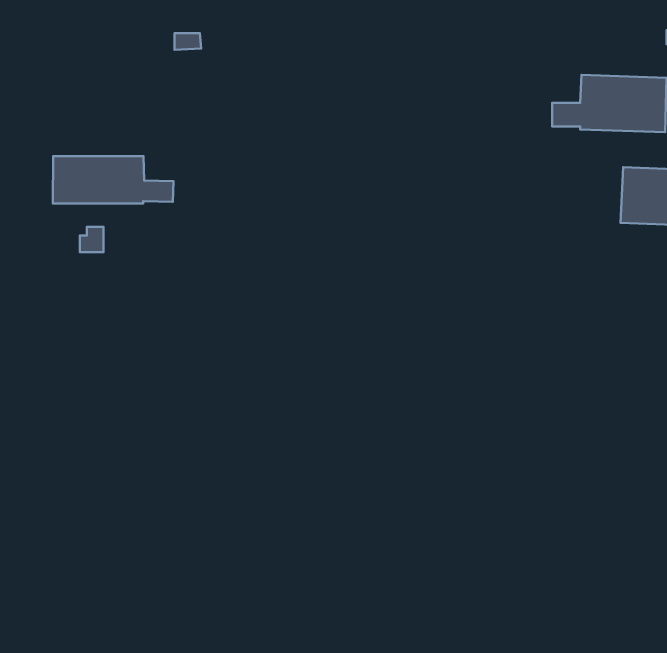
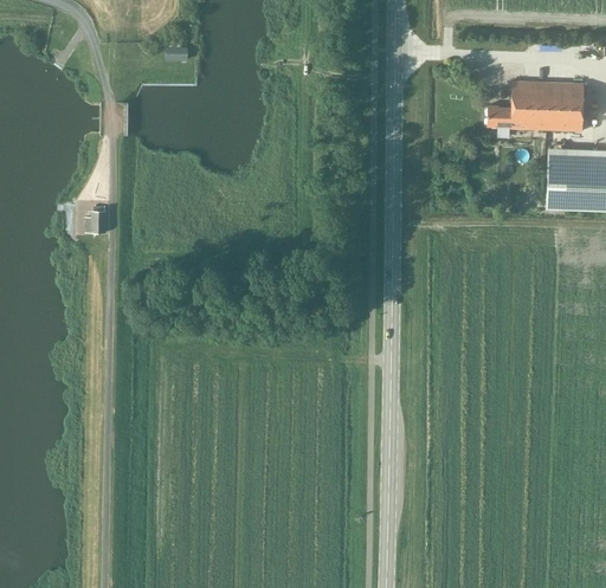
building: [53,156,174,204] -> none

